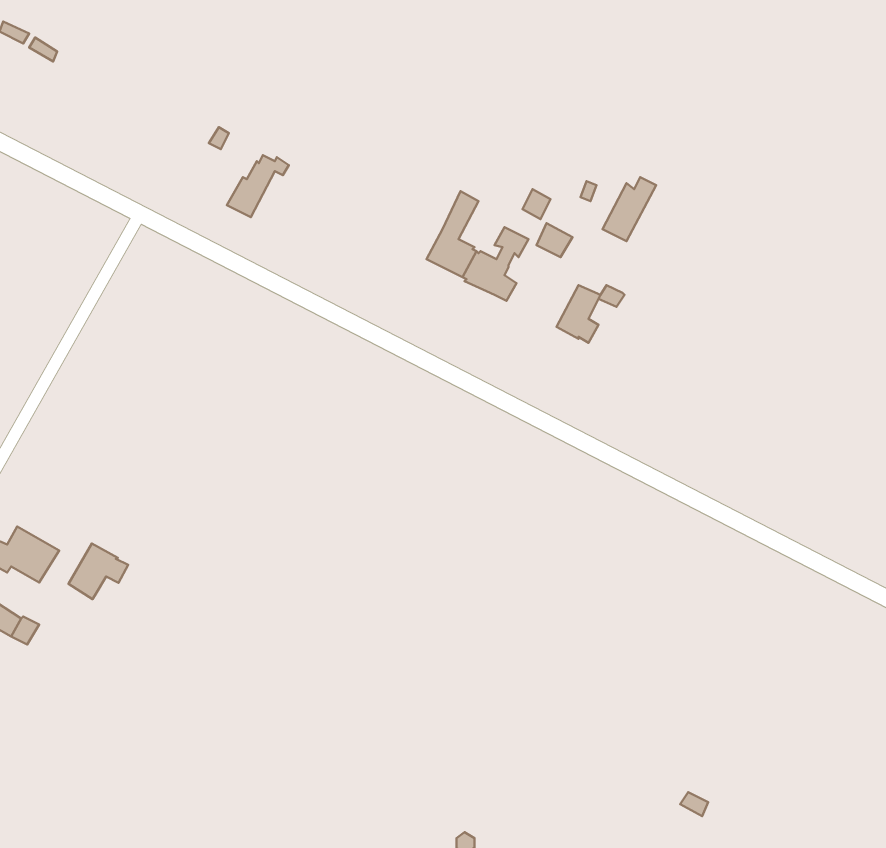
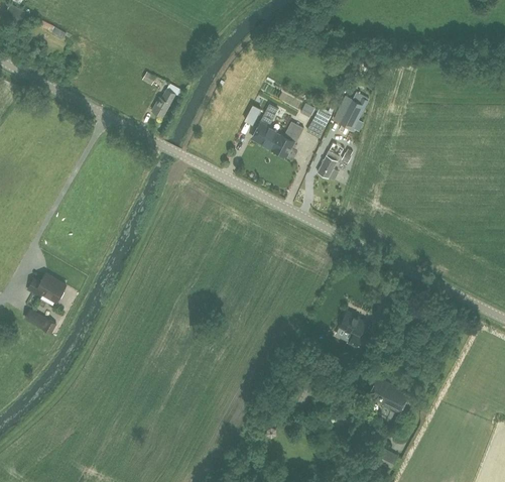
building: [68,543,128,599] -> none
building: none -> [339,311,367,349]
building: none -> [368,377,407,410]

